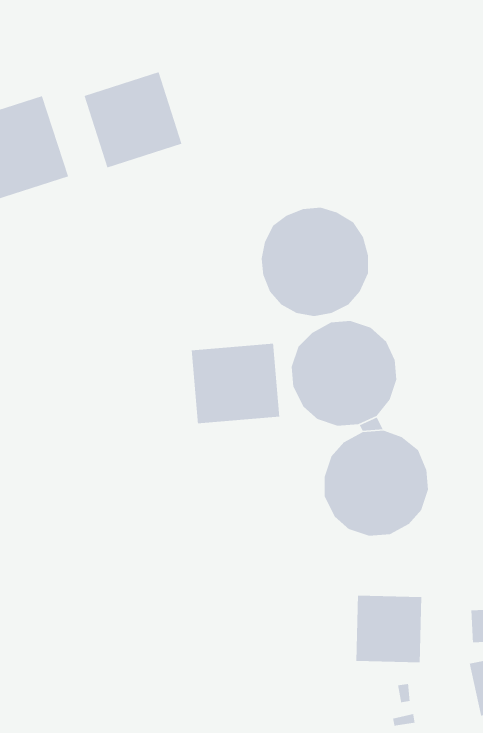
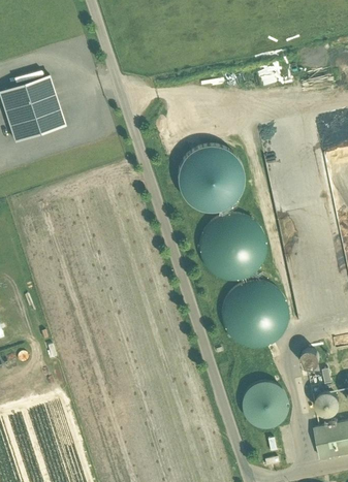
building: [83,71,182,168] -> none
building: [191,343,280,424] -> none

